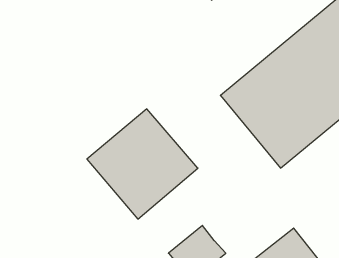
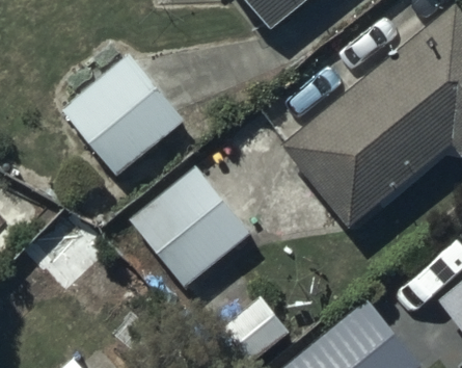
building: none -> [61,55,182,176]

